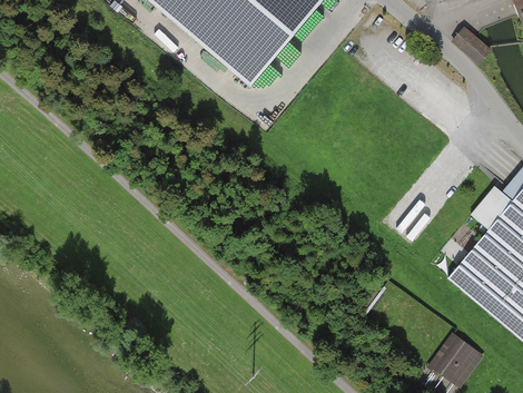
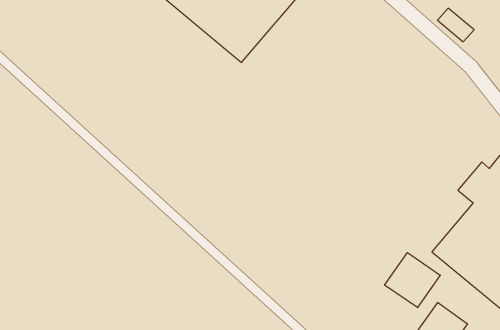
building: none -> [385,253,440,308]

